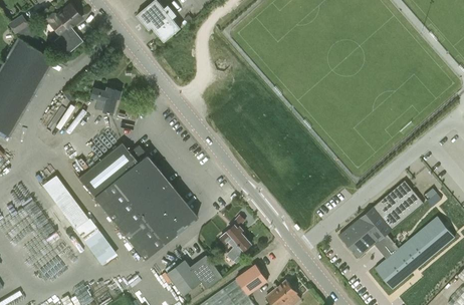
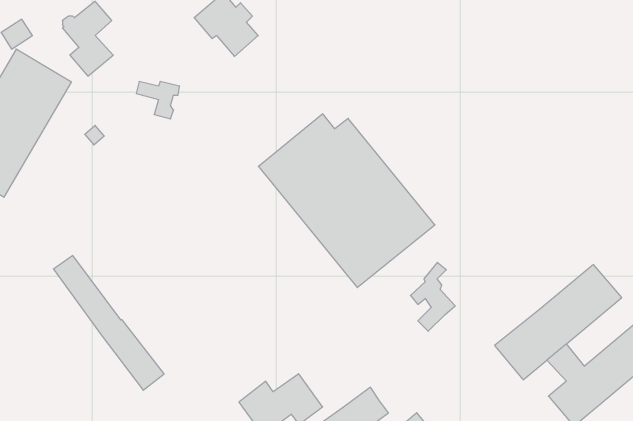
building: [90,89,120,114] -> [136,82,180,119]
building: [78,142,197,259] -> [258,114,435,288]
building: [221,216,251,262] -> [410,262,455,331]

